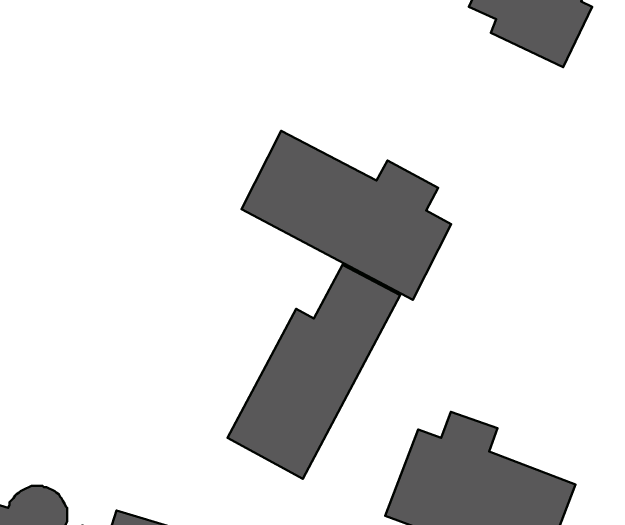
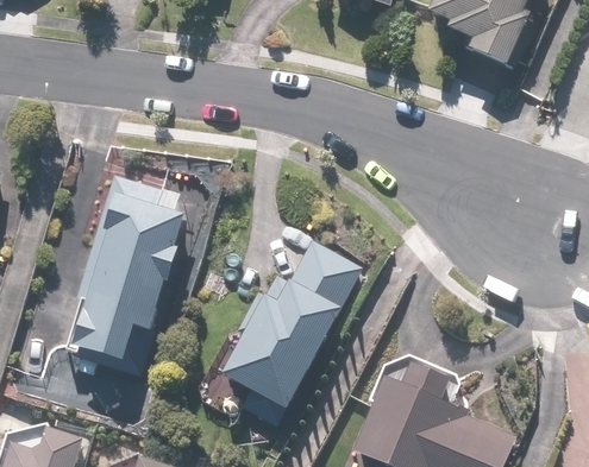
building: [242,131,451,300] -> none
building: none -> [64,159,190,370]

